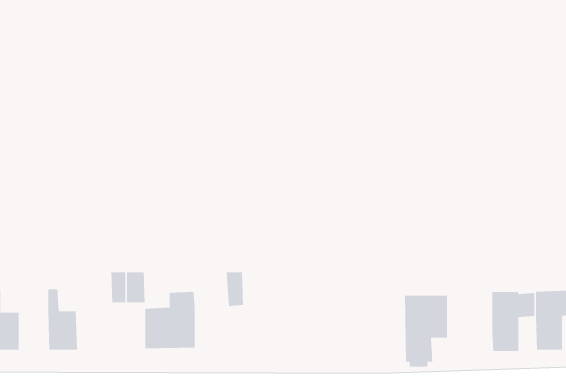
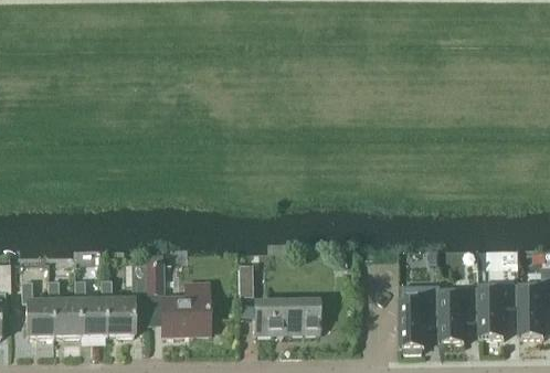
building: none -> [101,279,134,335]
building: none -> [49,280,75,335]
building: none -> [438,284,478,342]
building: none -> [254,295,318,332]

